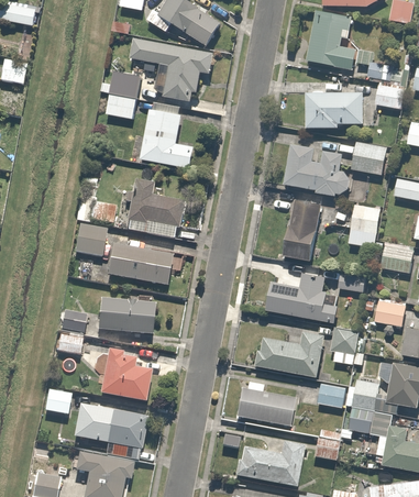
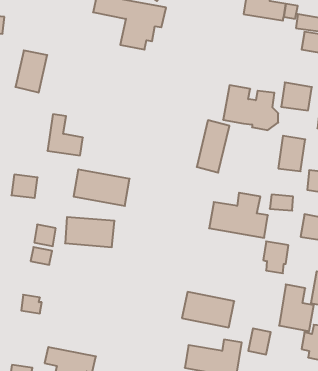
building: [106,70,143,120] -> [15,50,47,93]
building: [306,91,363,128] -> none
building: [139,107,194,167] -> none
building: [124,183,185,241] -> none
building: [283,199,321,261] -> [197,120,229,173]
building: [75,228,106,255] -> [11,175,38,198]
building: [258,330,324,377] -> none
building: [99,352,154,402] -> none
building: [317,384,345,407] -> none
building: [73,404,148,461] -> none

